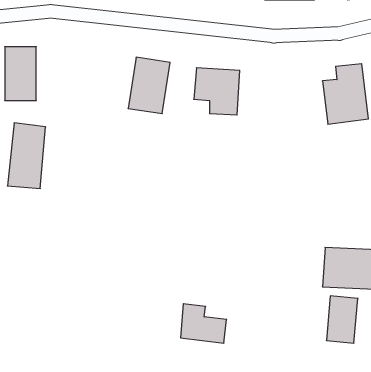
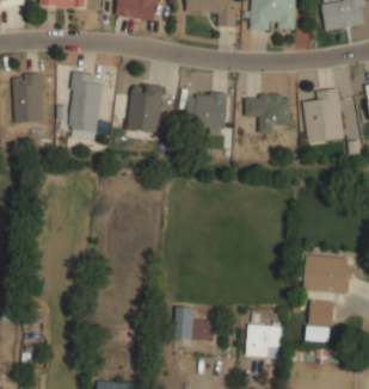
building: none -> [244,94,290,132]
building: [7,123,46,188] -> [67,72,102,131]
building: none -> [246,325,282,358]

